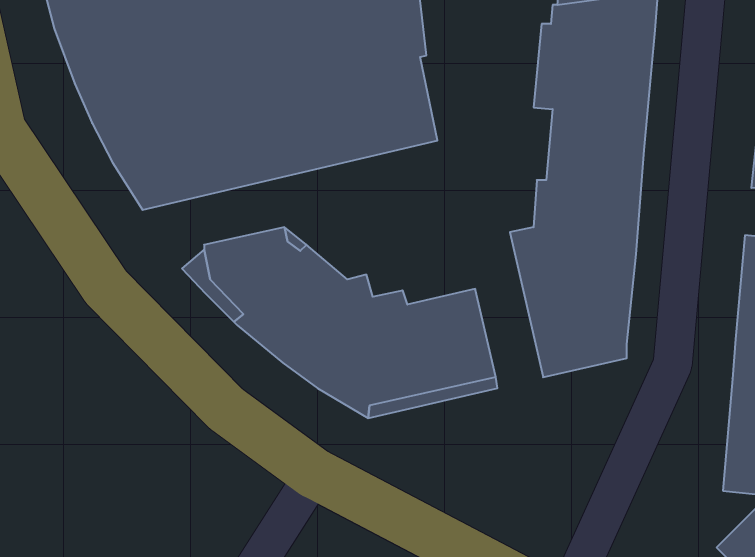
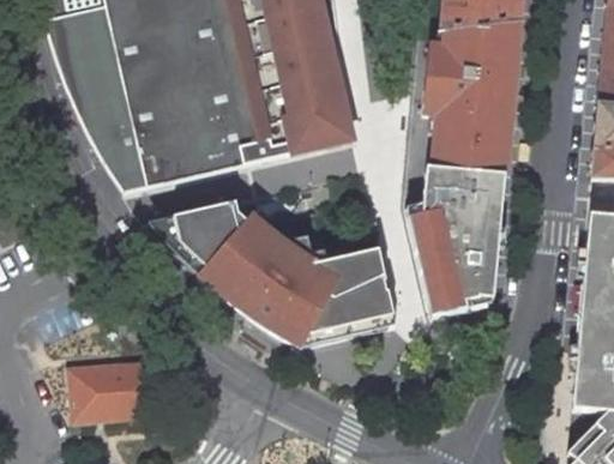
building: none -> [70,364,158,422]

